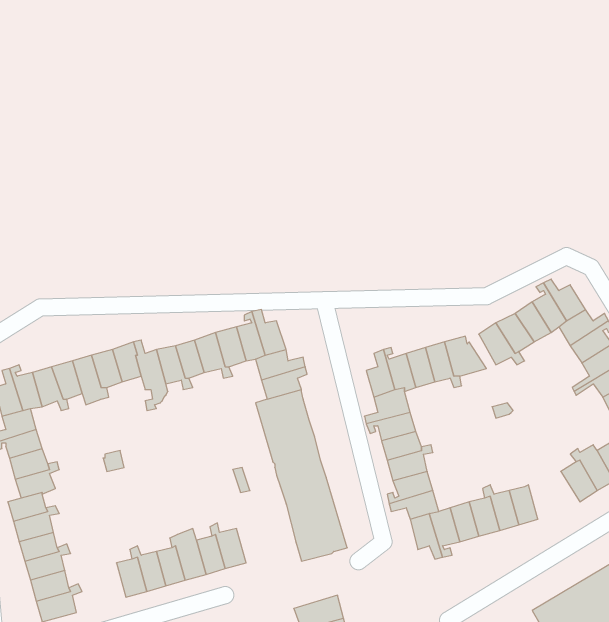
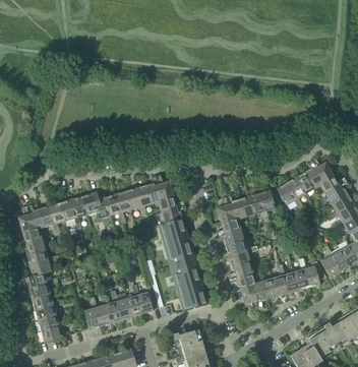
building: none -> [301,260,327,287]

